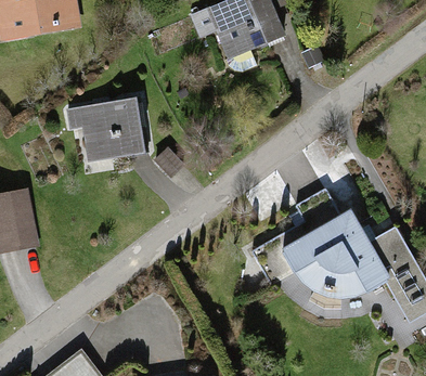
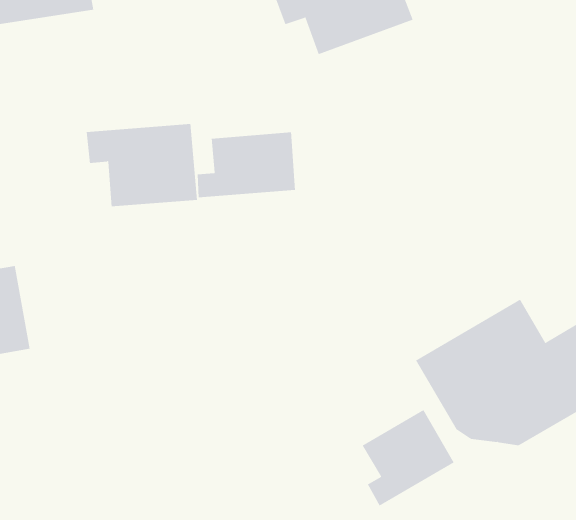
building: none -> [197,132,296,198]
building: none -> [362,409,454,507]

